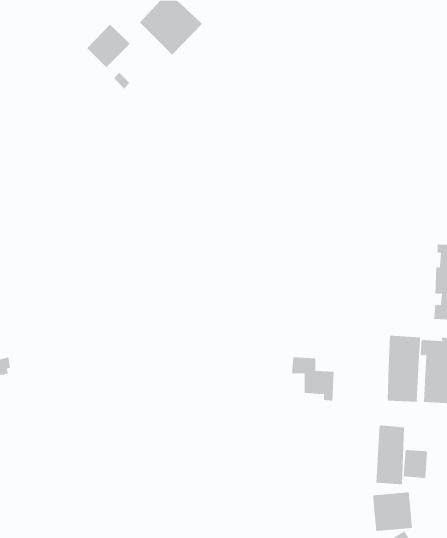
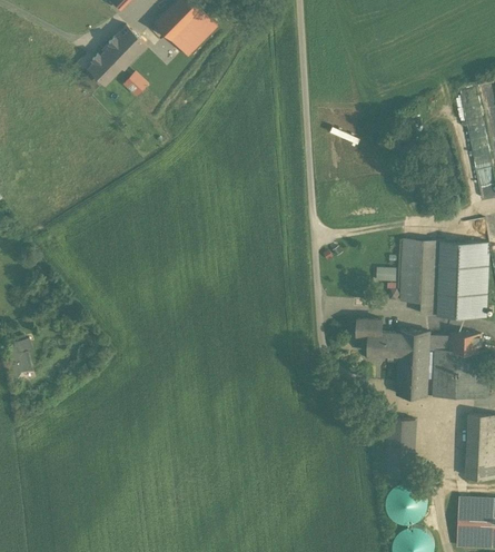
building: none -> [88,51,120,85]
building: none -> [400,239,451,315]
building: [291,357,334,401] -> [357,318,399,362]
building: [403,449,428,479] -> none

